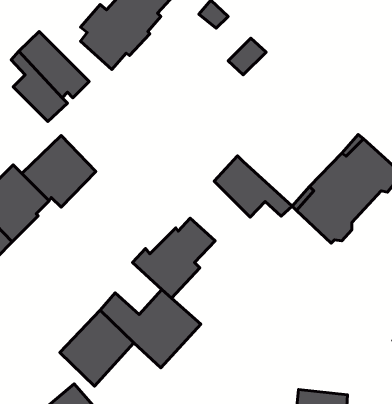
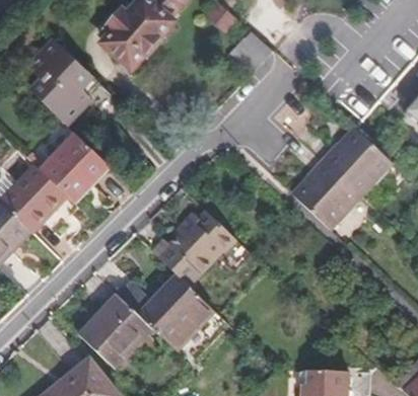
building: [214,156,292,217] -> none

